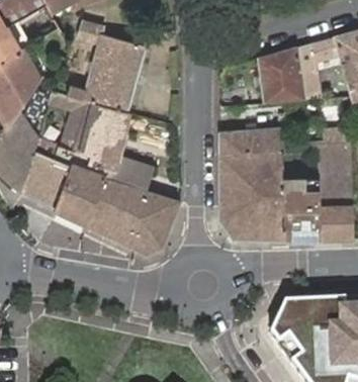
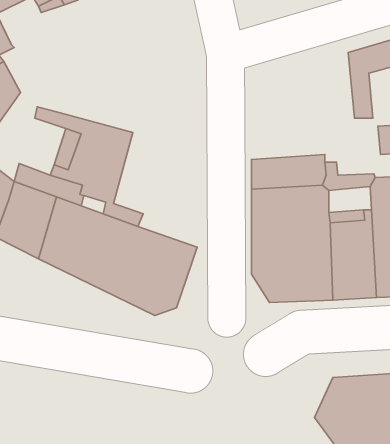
building: [70,20,147,110] -> none
building: [260,47,303,103] -> none

